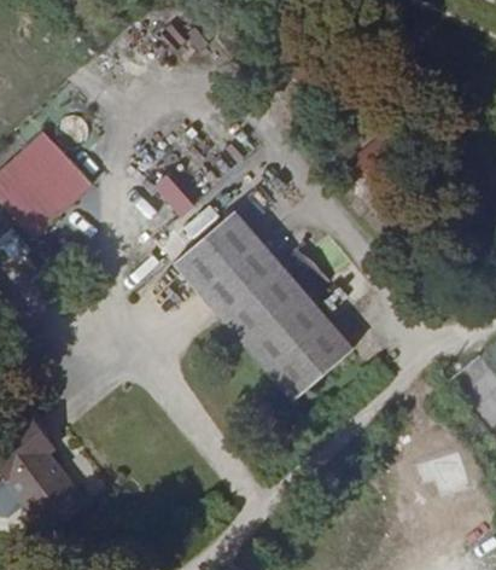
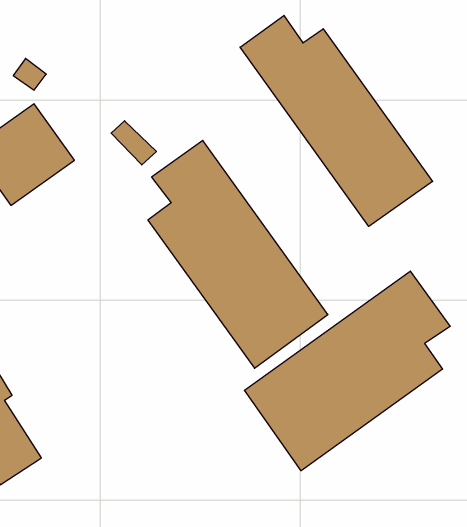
building: none -> [240,15,433,226]
building: none -> [244,271,450,471]

